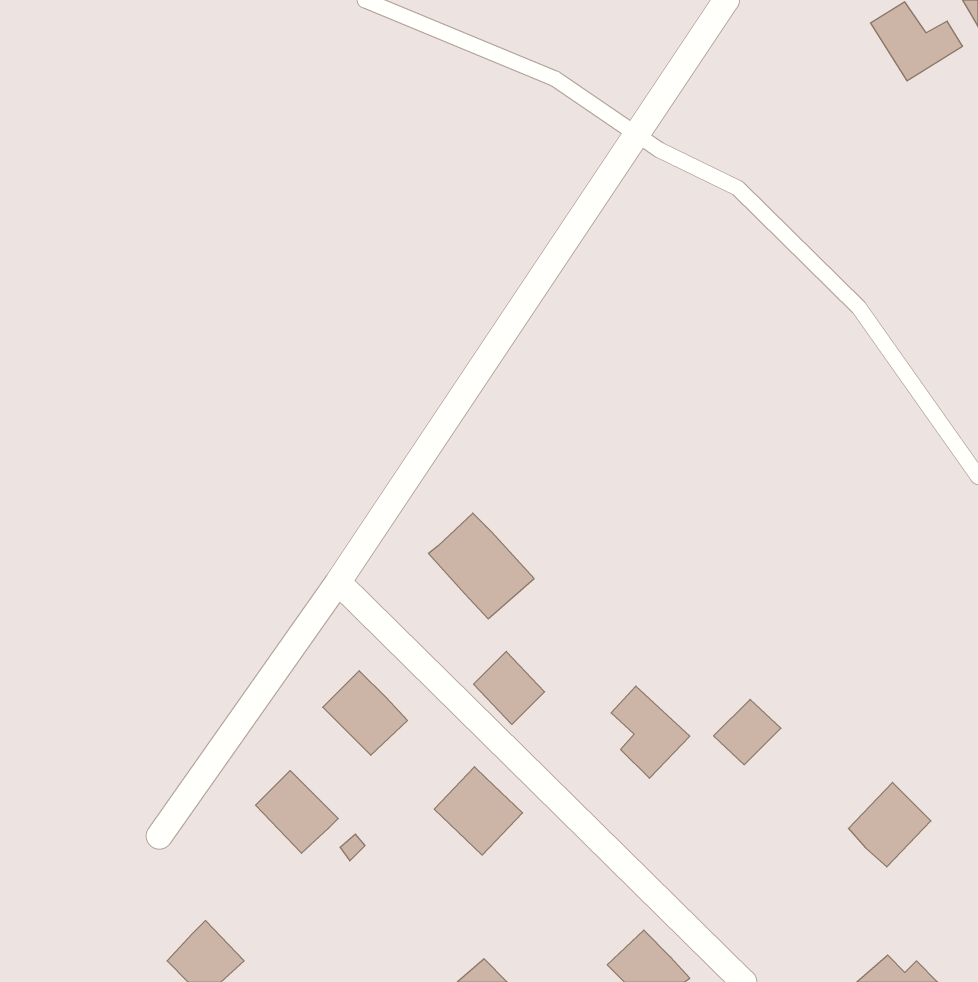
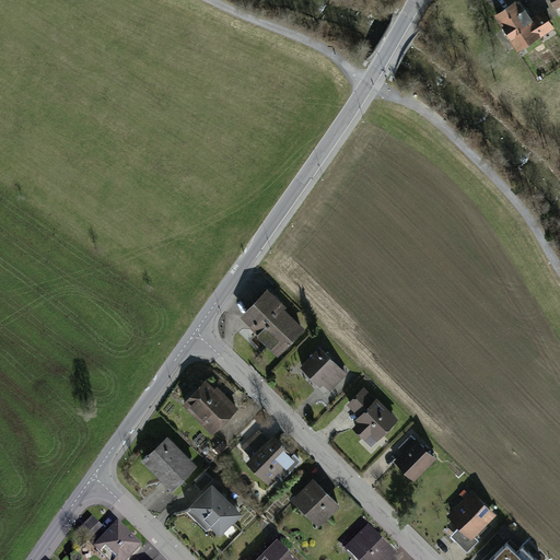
building: [474,651,545,724] -> [303,349,343,390]
building: [714,699,781,765] -> [395,441,433,478]
building: [848,782,931,867] -> [447,490,494,538]
building: none -> [292,480,337,524]
building: none -> [187,486,243,540]

